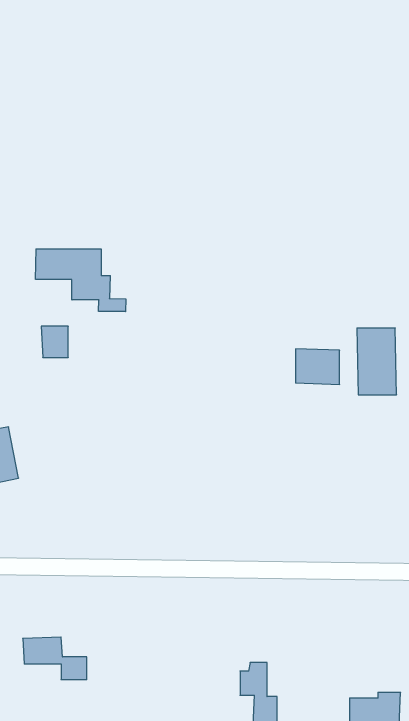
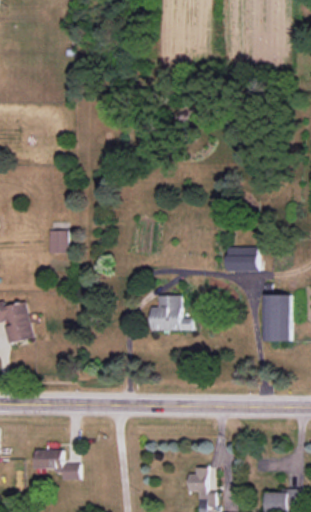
building: [36,249,126,312] -> none
building: [357,328,397,395] -> [262,295,290,342]
building: none -> [151,296,191,331]

